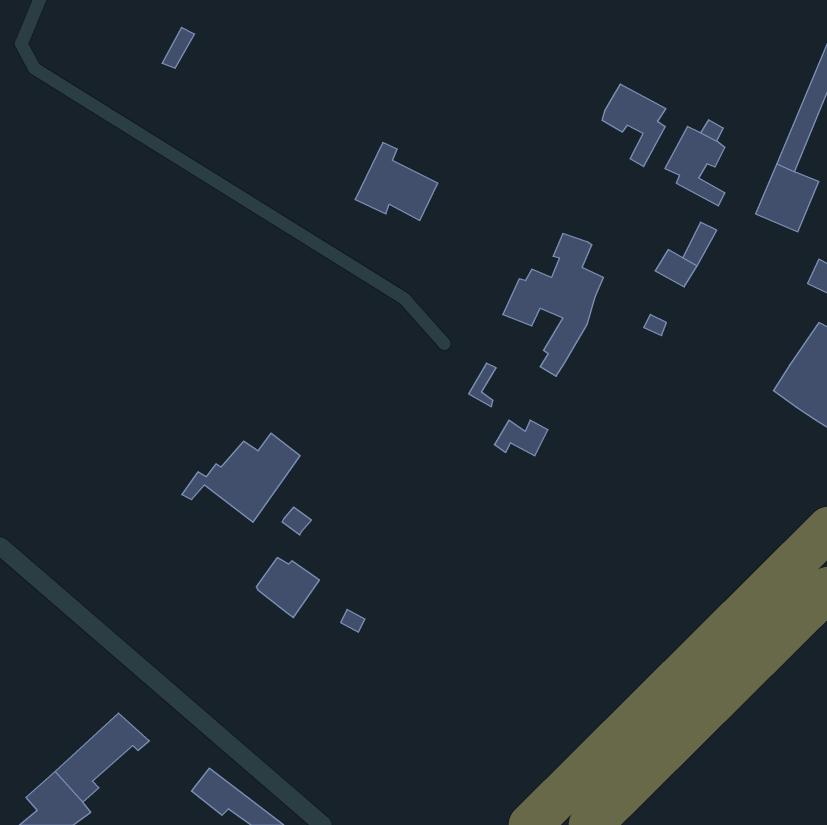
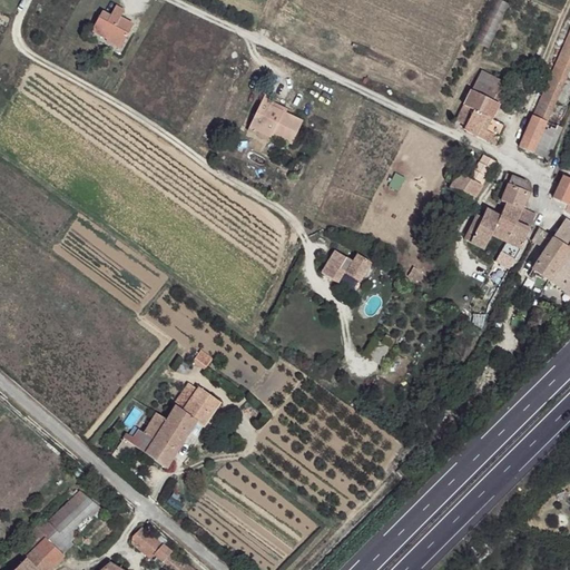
building: none -> [94,4,126,43]
building: [602,84,666,167] -> none
building: [503,234,603,376] -> [465,181,534,279]
building: [494,420,548,456] -> [332,253,368,277]
building: [182,433,300,522] -> [117,405,198,466]

